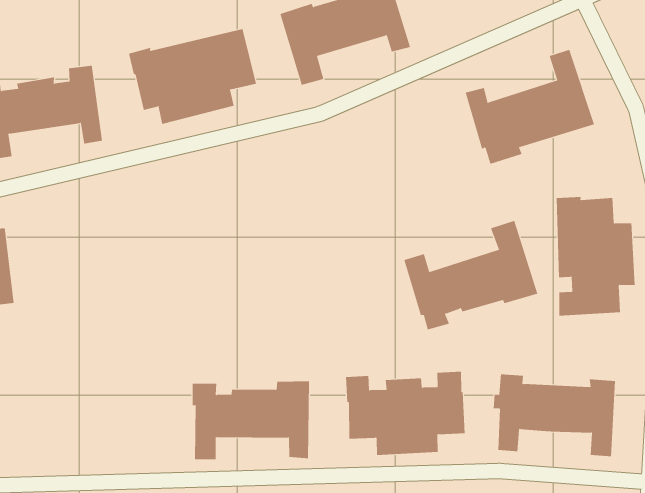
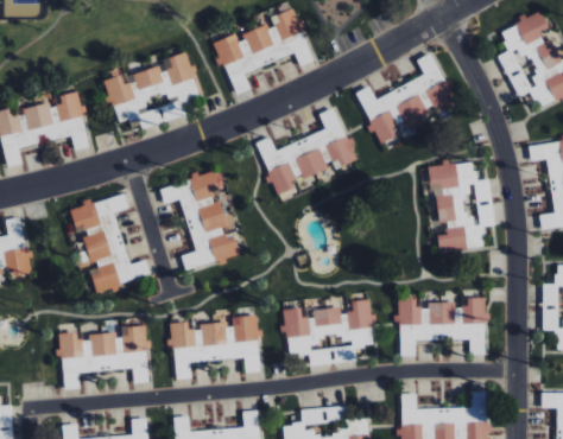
building: none -> [159,168,240,269]
building: none -> [69,193,150,291]
building: [403,220,538,330] -> [255,107,358,193]
building: none -> [57,325,150,389]

